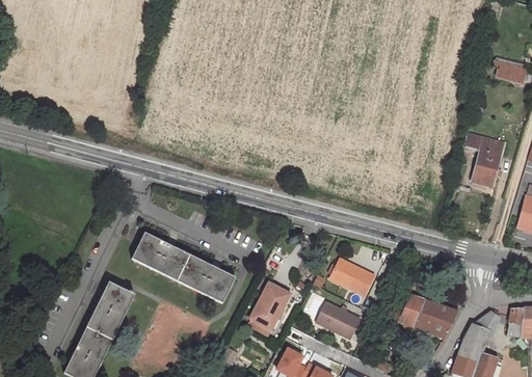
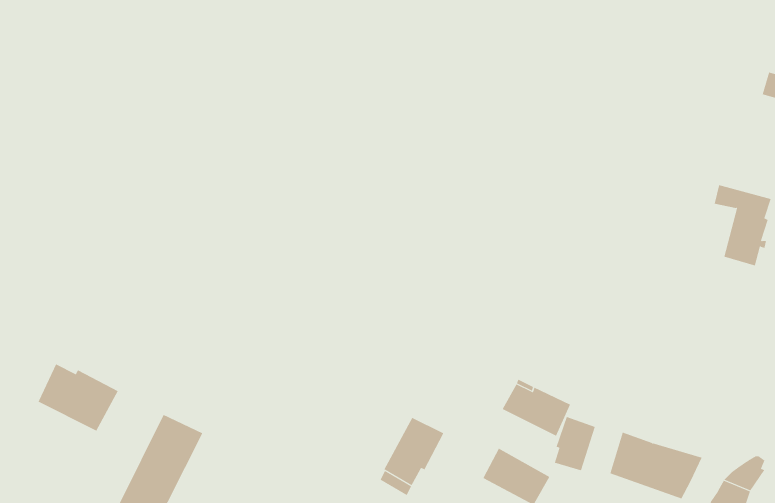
building: [133,233,235,302] -> none
building: none -> [37,364,118,431]
building: none -> [554,416,596,472]

